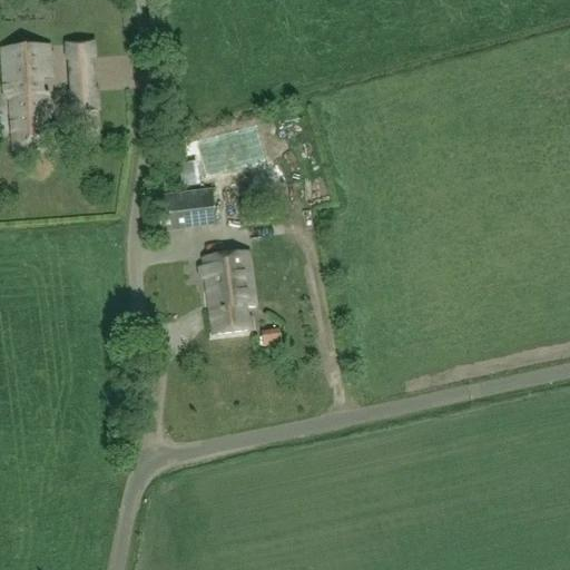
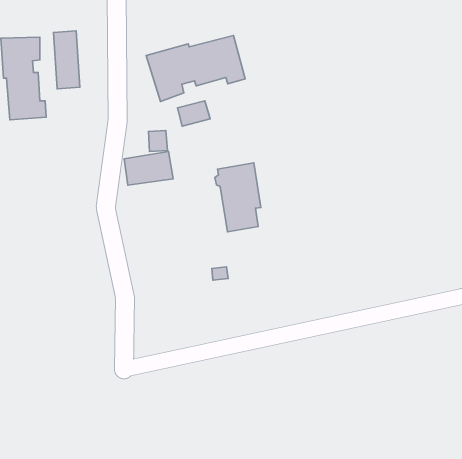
building: none -> [146,35,245,101]
building: [197,247,254,332] -> [215,163,261,232]

